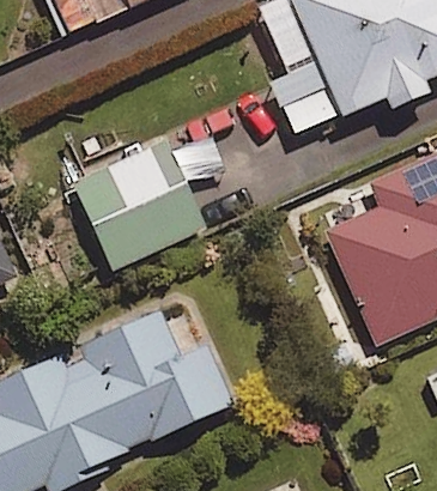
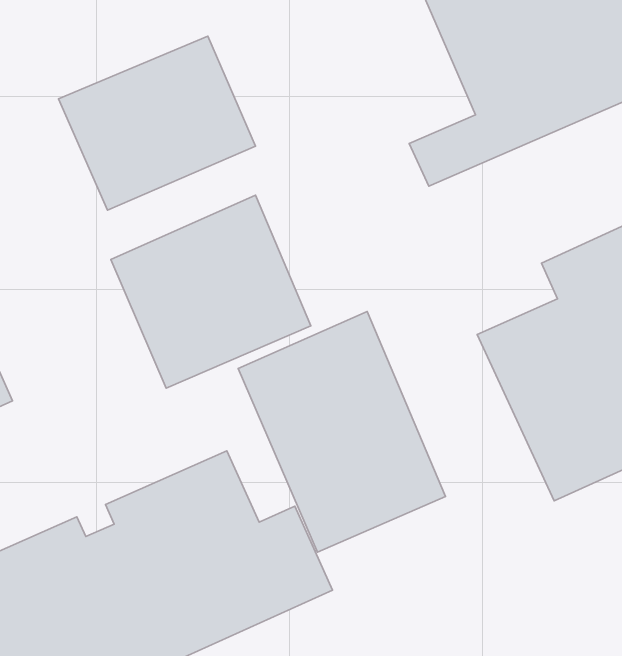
building: none -> [58,36,256,210]
building: none -> [238,311,445,552]

